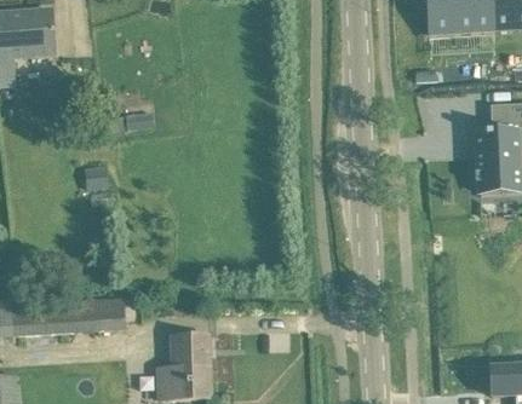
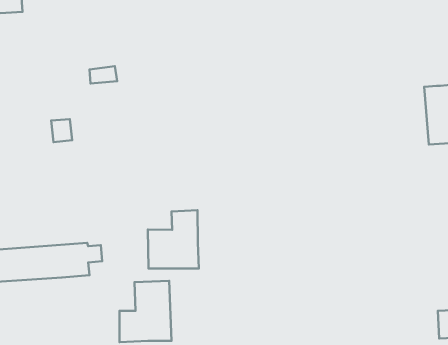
building: none -> [148,210,199,269]

